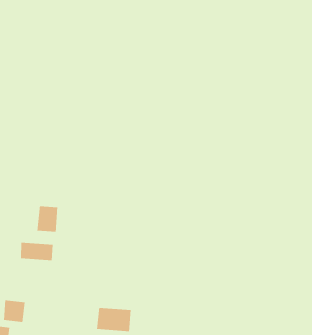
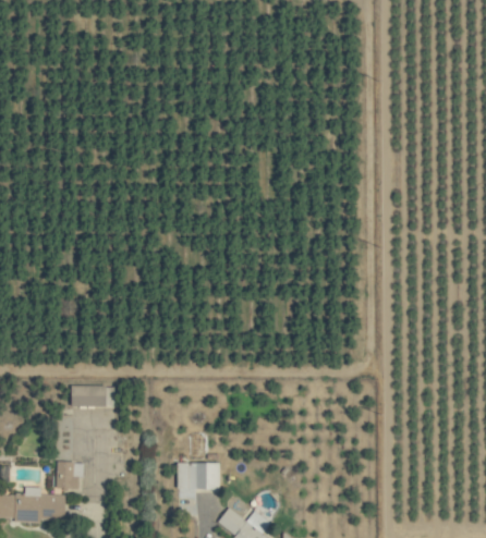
building: [37,205,58,233] -> none

